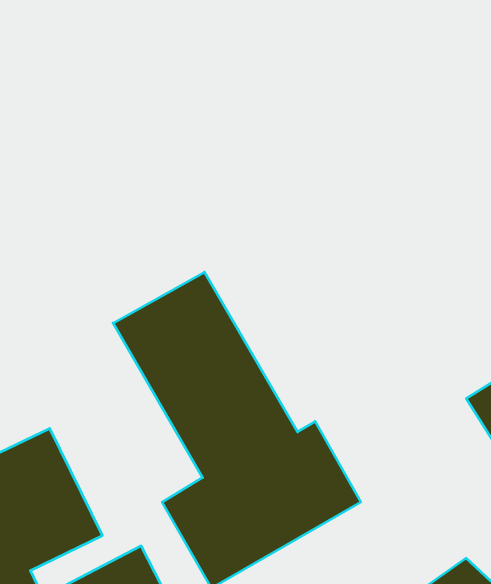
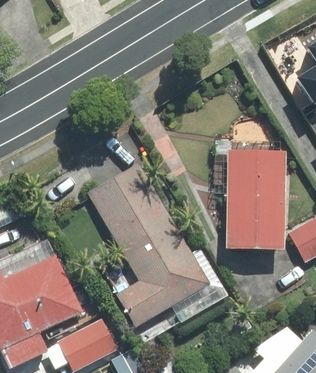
building: none -> [225,149,286,252]

